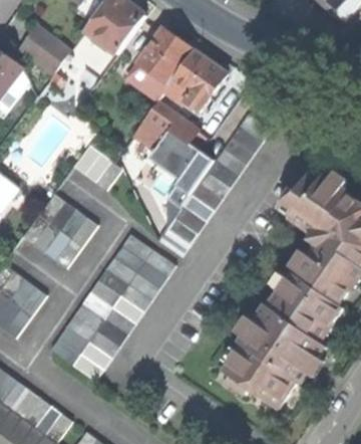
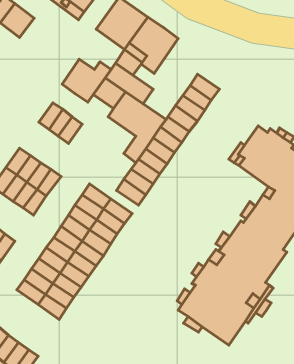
building: none -> [62,59,111,102]

